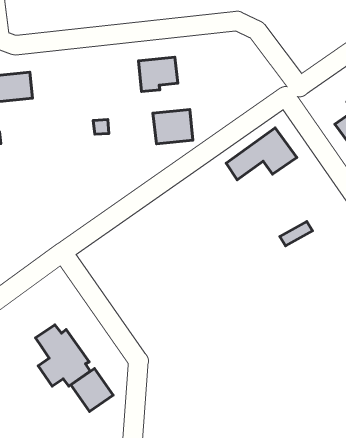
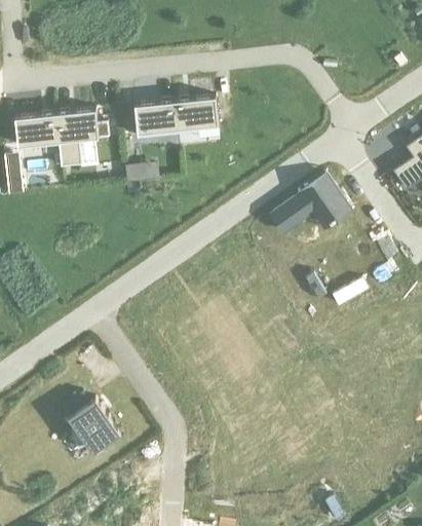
building: none -> [54,109,109,167]
building: [153,110,193,144] -> [133,101,178,139]
building: [71,368,113,412] -> none

